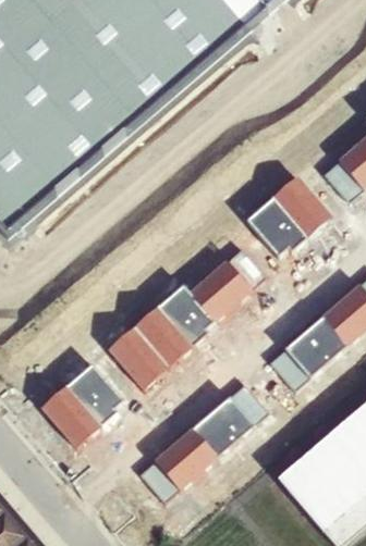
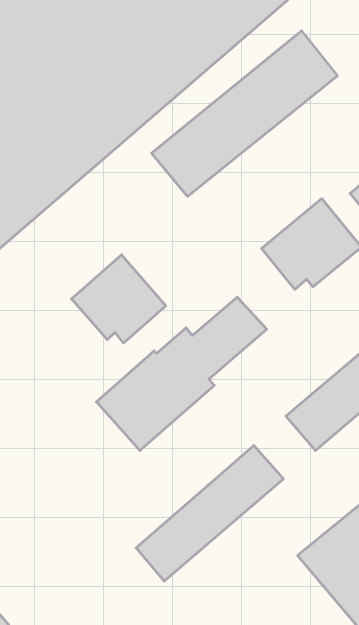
building: none -> [152,31,337,196]
building: none -> [71,255,166,343]
building: [40,363,122,449] -> none

